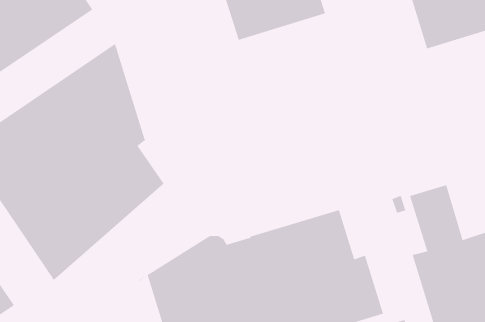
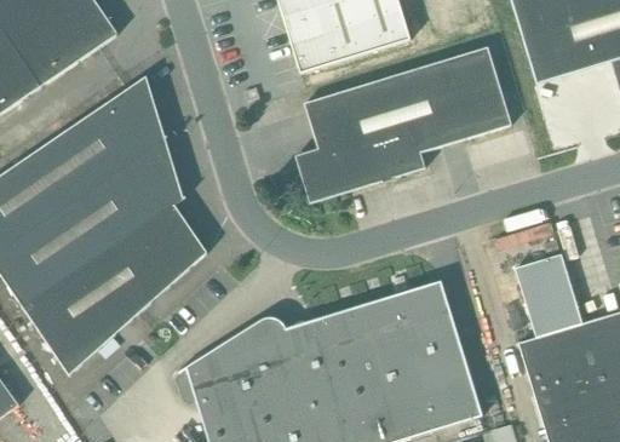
building: none -> [295,46,512,202]

